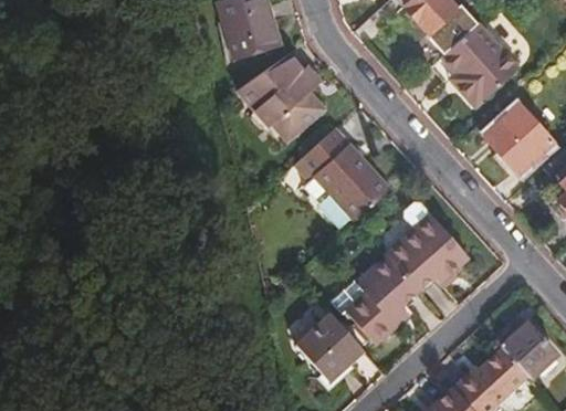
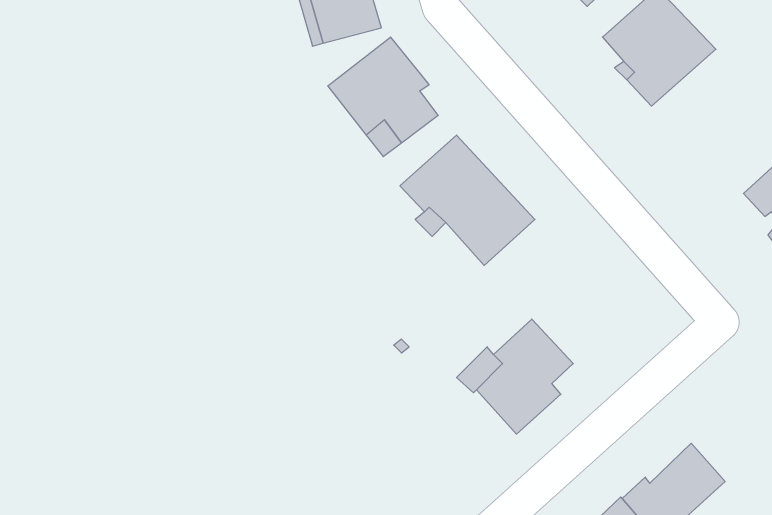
building: [484,104,553,173] -> none
building: [385,201,469,291] -> none
building: [297,313,364,379] -> none
building: [499,324,557,378] -> none

